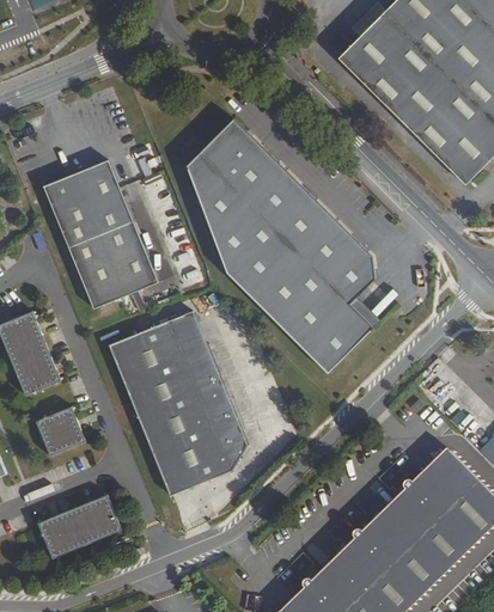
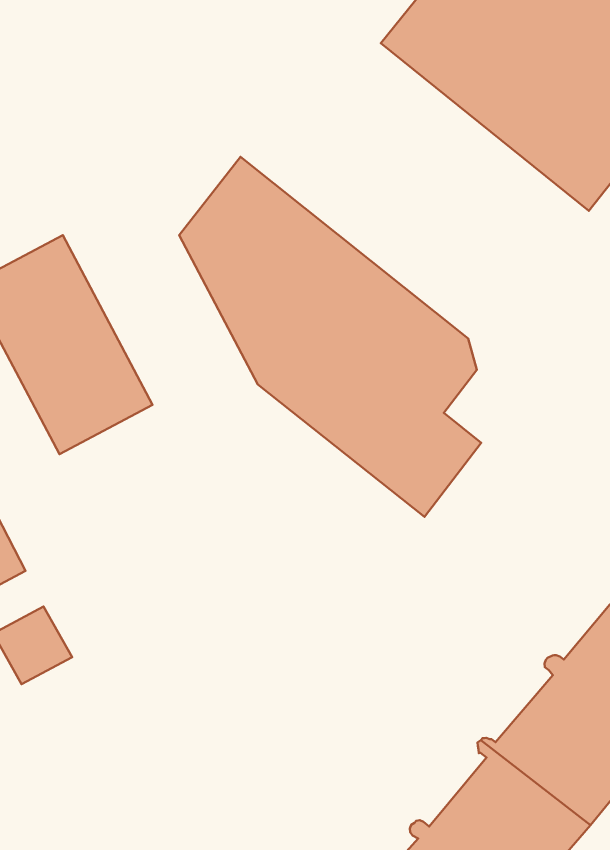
building: [109,312,248,495] -> none
building: [37,496,121,561] -> none

